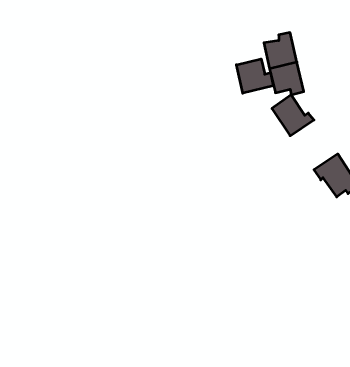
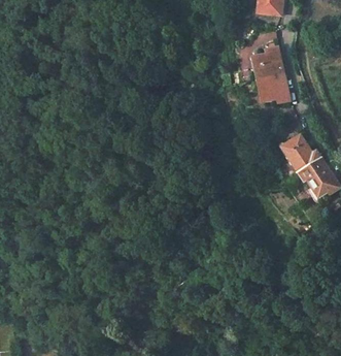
building: [236,59,273,93] -> none
building: [272,95,314,136] -> [279,134,317,171]

